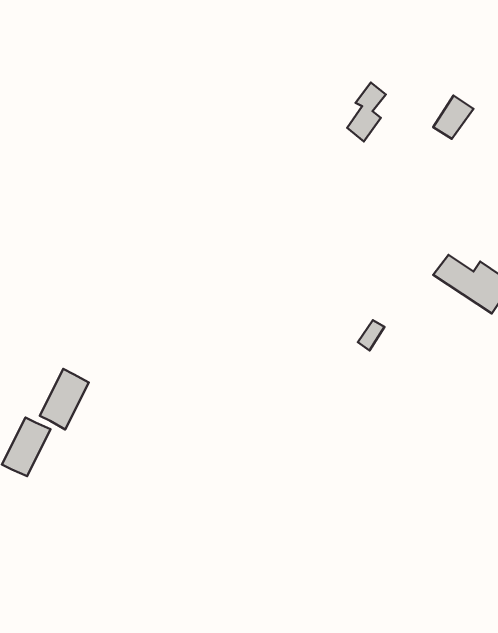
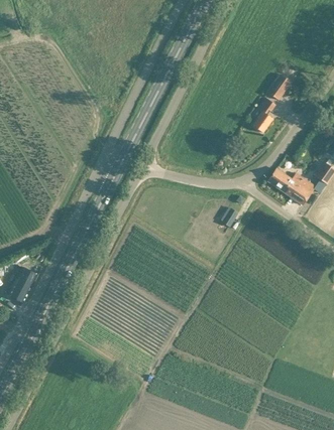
building: [347,83,386,141] -> [251,98,274,133]
building: [40,369,89,429] -> none

